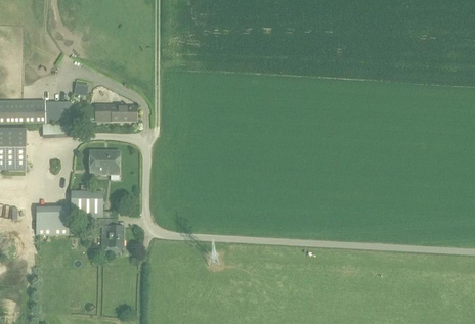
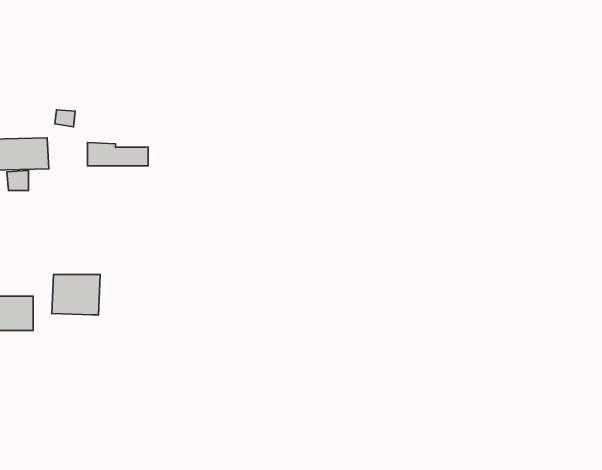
building: [83,146,118,176] -> none
building: [98,217,123,250] -> none

